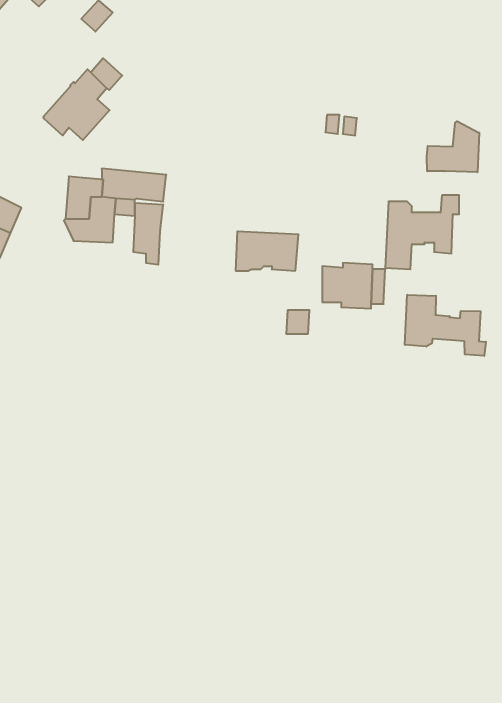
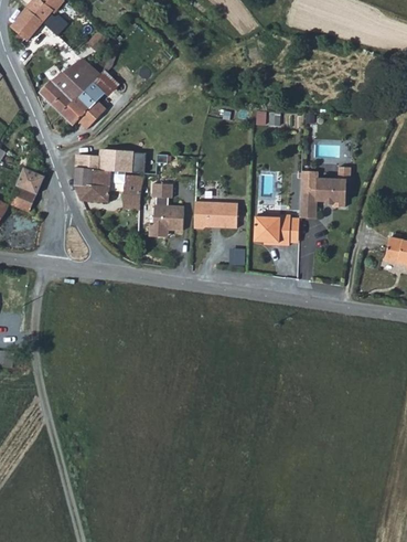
building: none -> [39,57,98,113]
building: [427,121,479,172] -> none
building: none -> [149,183,183,236]
building: [405,295,486,356] -> none

